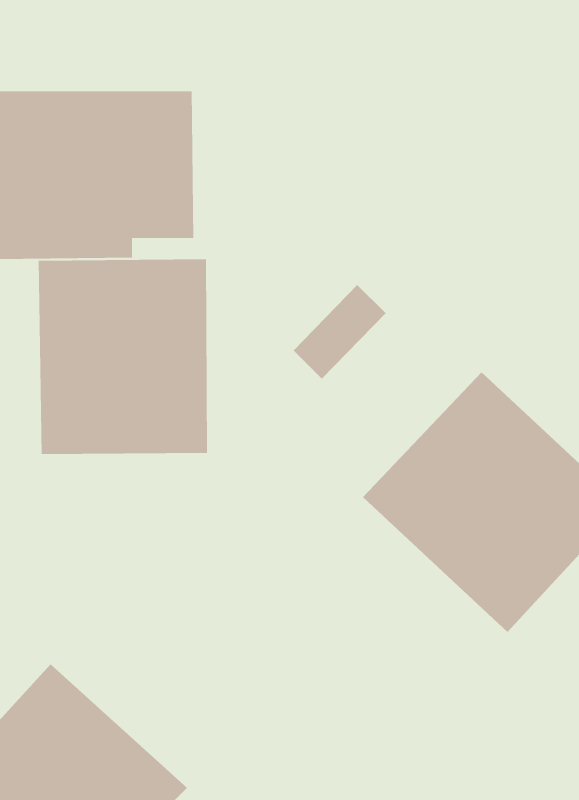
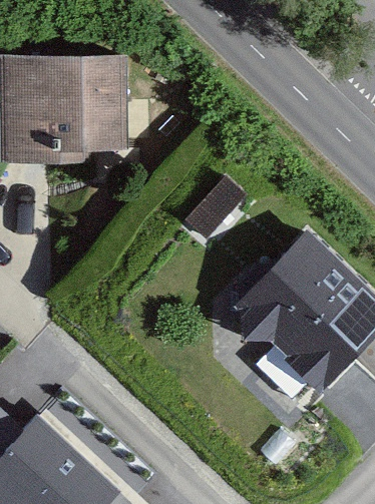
building: [38,258,208,455] -> none

